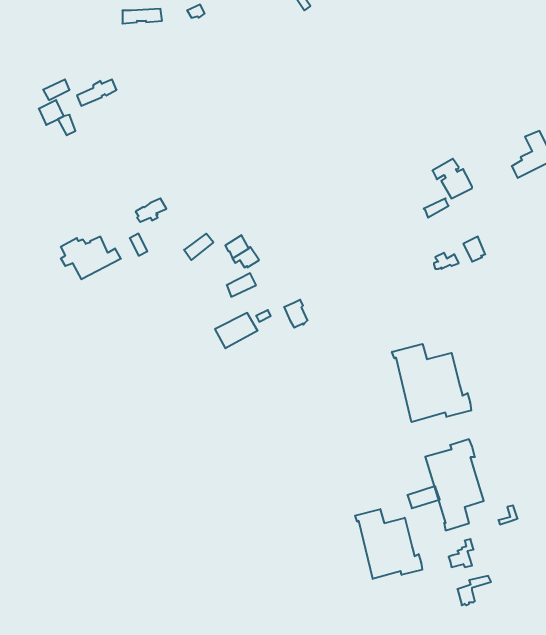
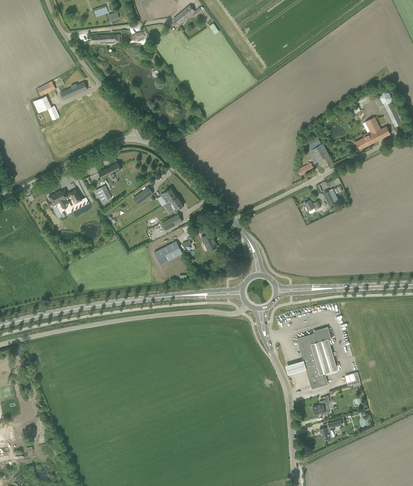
building: [392,344,471,422] -> none
building: [355,509,422,579] -> none

